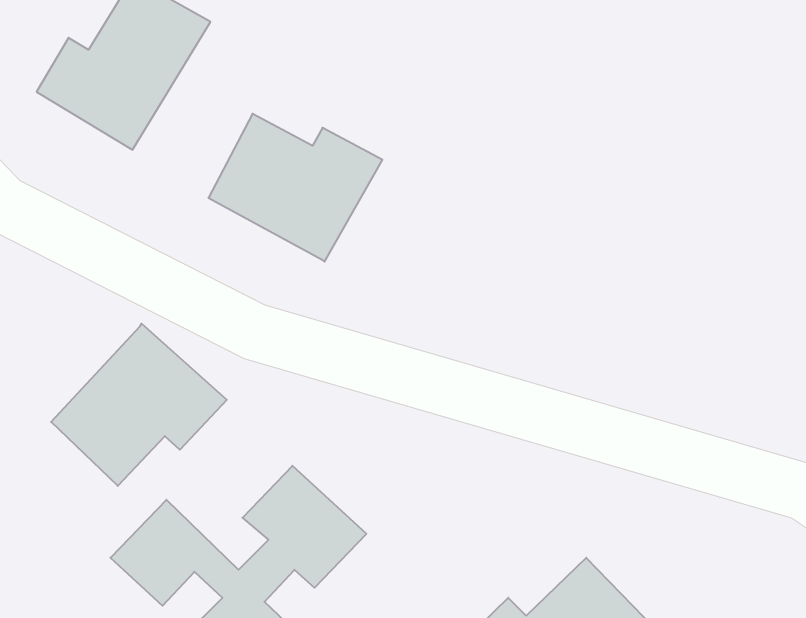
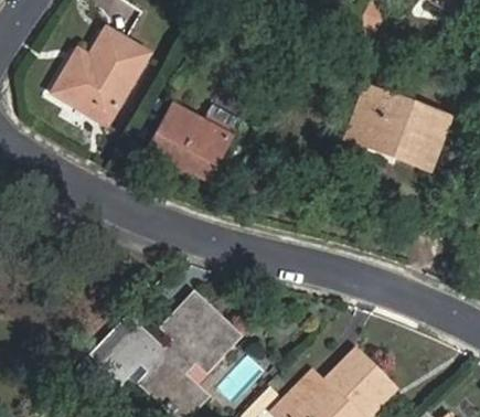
building: none -> [345,87,448,169]
building: [51,324,227,486] -> none

